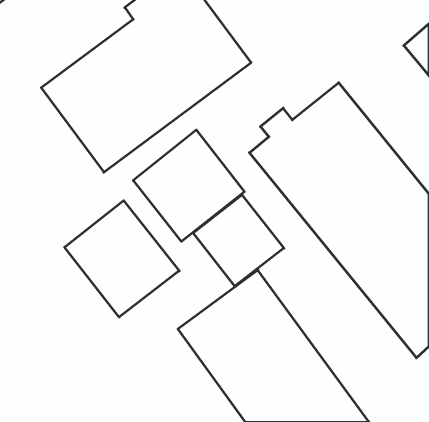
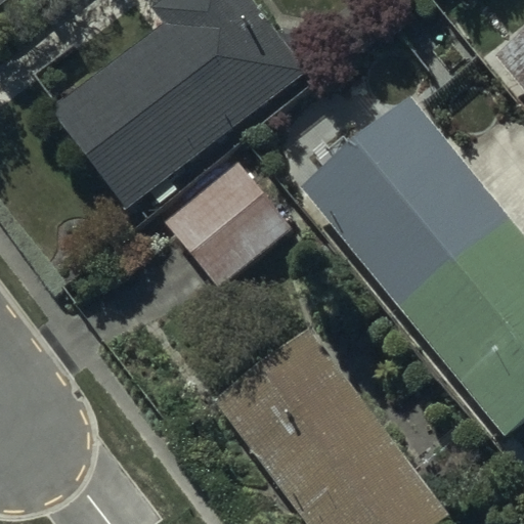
building: [193,195,284,286] -> none
building: [65,201,179,317] -> none

